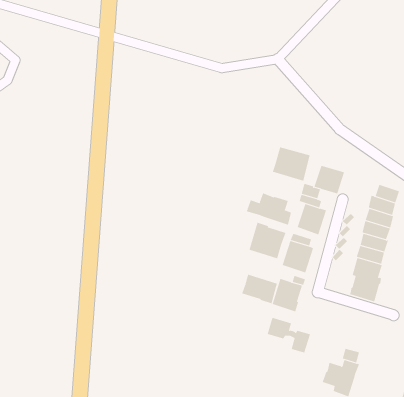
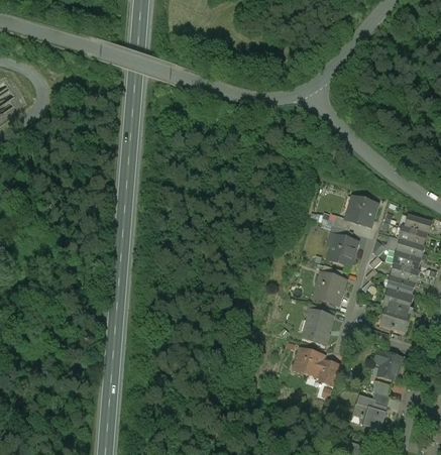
building: [272,146,310,181] -> none
building: [246,192,291,225] -> none
building: [249,222,286,259] -> none
building: [242,274,278,304] -> none
building: none -> [374,351,401,380]

